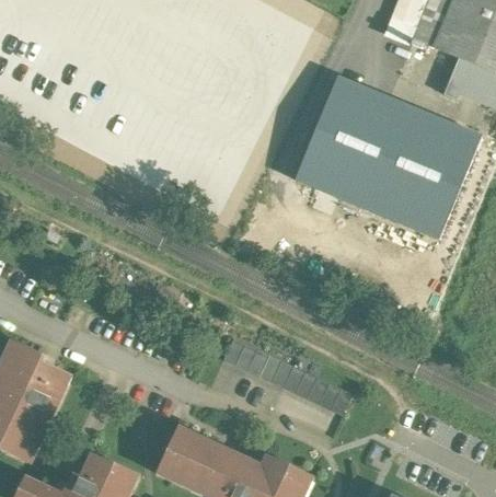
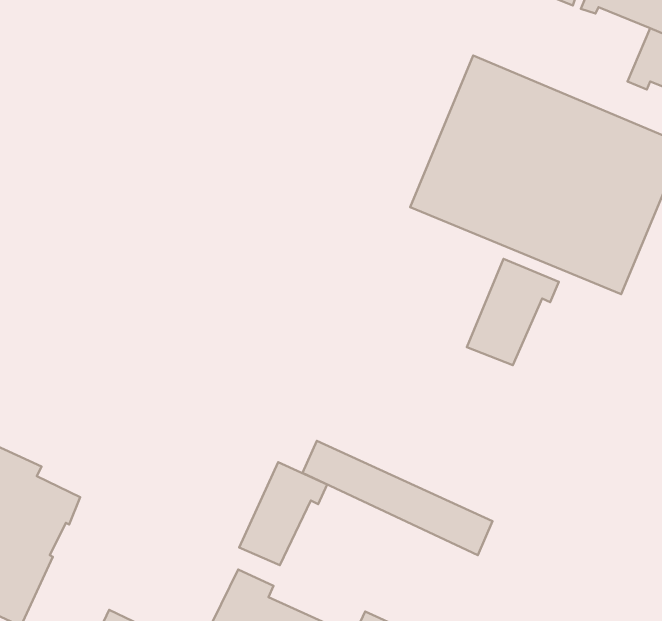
building: none -> [467,259,559,365]
building: none -> [239,462,327,565]

